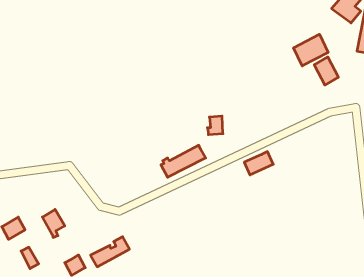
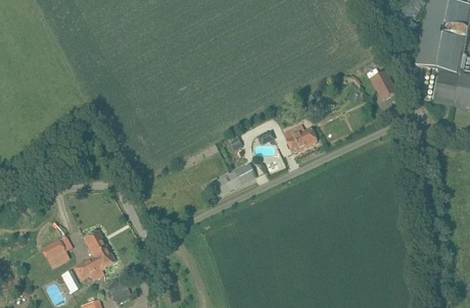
building: [294,34,328,66] -> none
building: [244,152,273,175] -> [286,127,317,152]
building: [91,237,129,267] -> [75,247,115,278]

